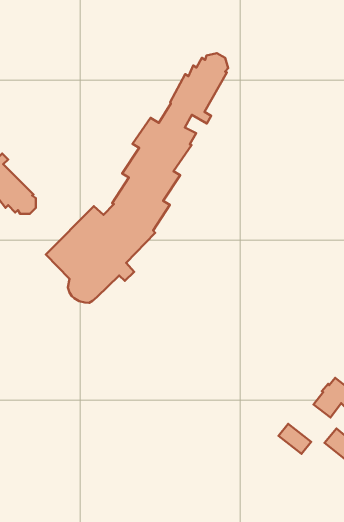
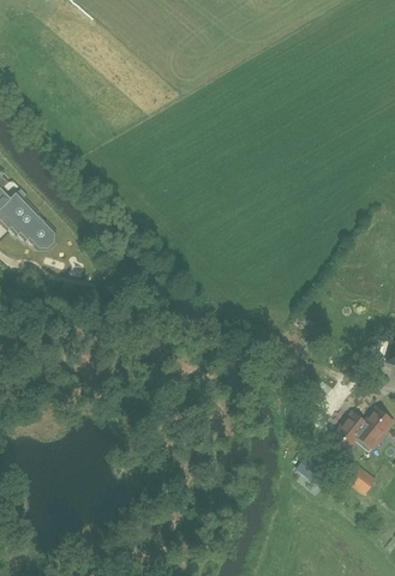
building: [46,53,228,303] -> none

